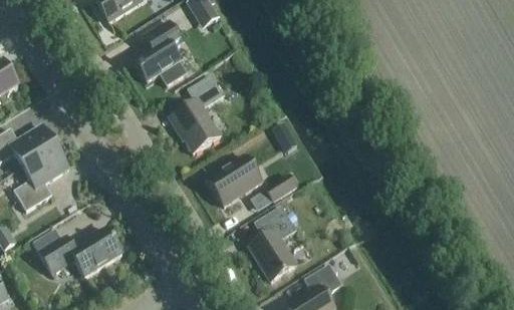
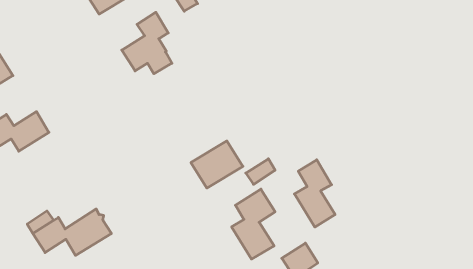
building: [170,72,225,151] -> none
building: [15,145,70,210] -> none
building: none -> [294,160,335,227]

